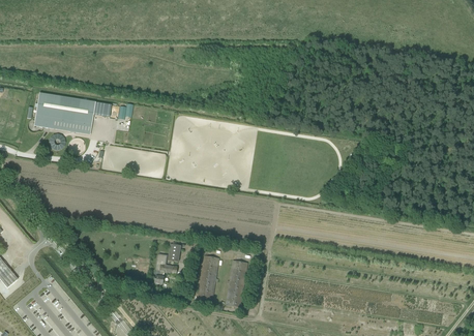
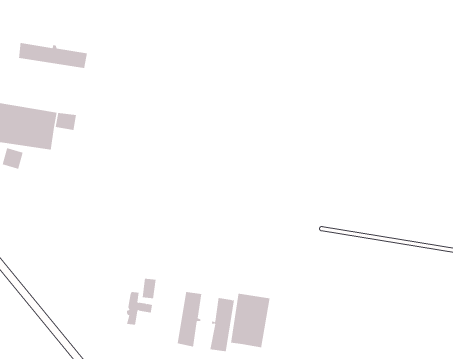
building: none -> [19,42,87,69]
building: none -> [231,293,270,348]

